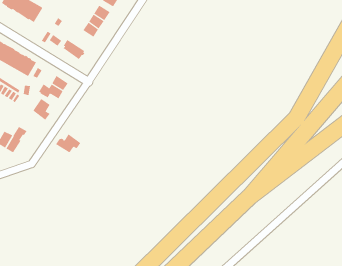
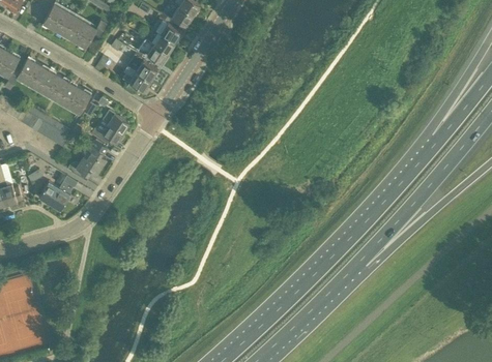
building: none -> [127,54,157,81]
building: [55,133,81,153] -> [67,156,100,181]

